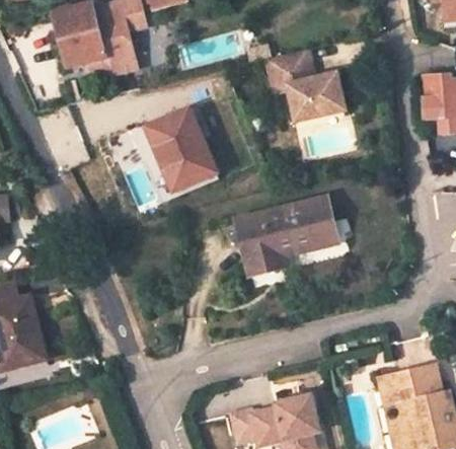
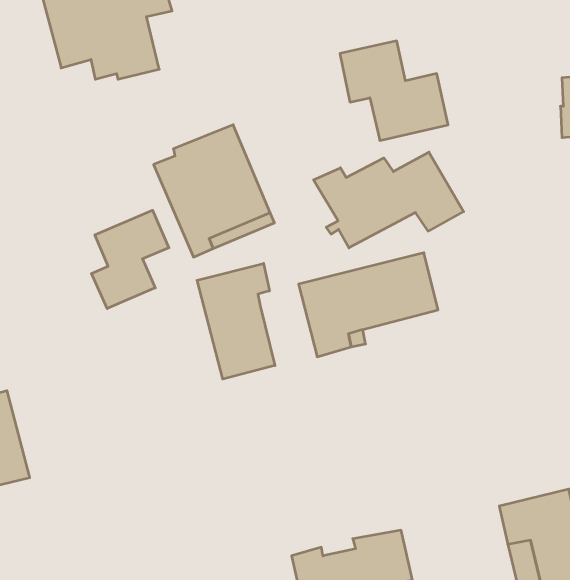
building: none -> [314,152,464,248]
building: none -> [91,210,169,309]
building: none -> [197,263,275,379]

